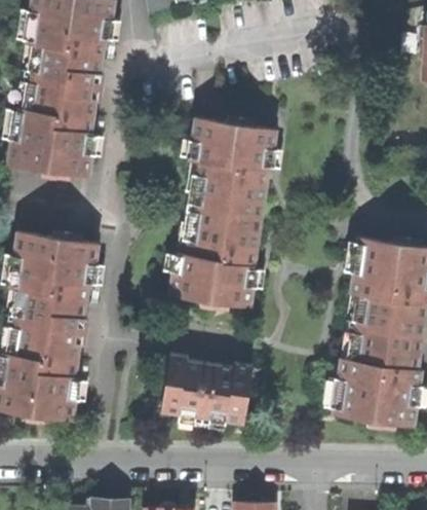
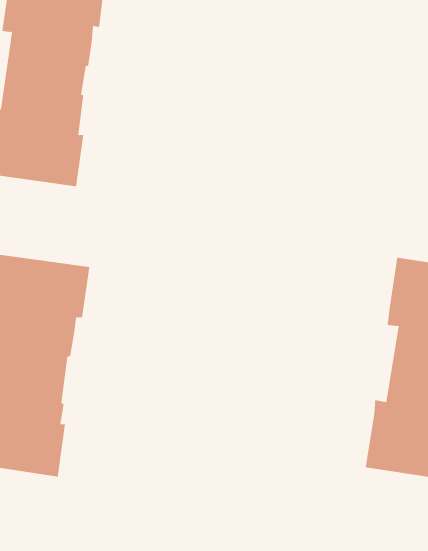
building: [170,119,276,307] -> none
building: [161,361,251,425] -> none

